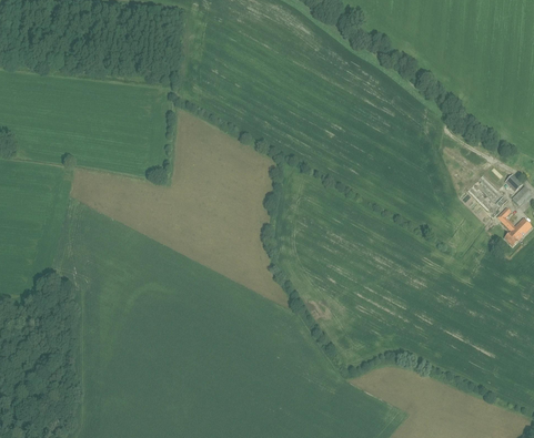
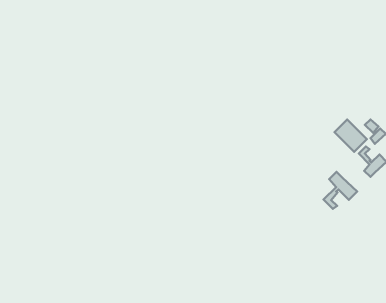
building: none -> [324,172,357,209]

